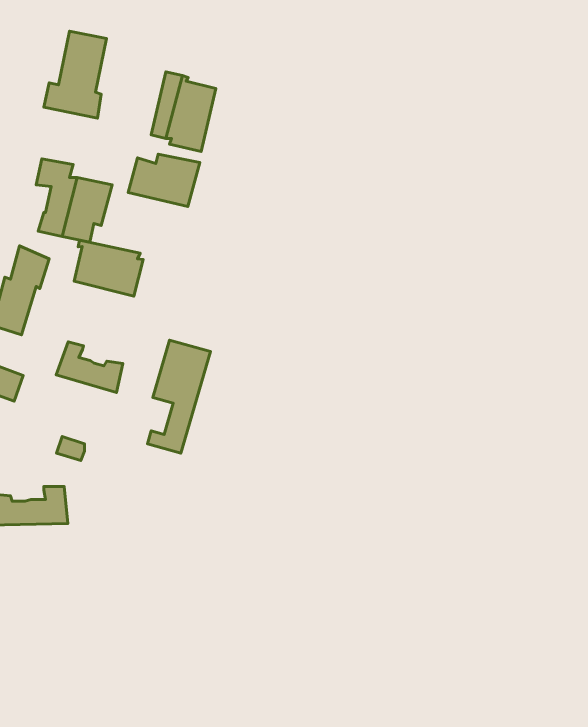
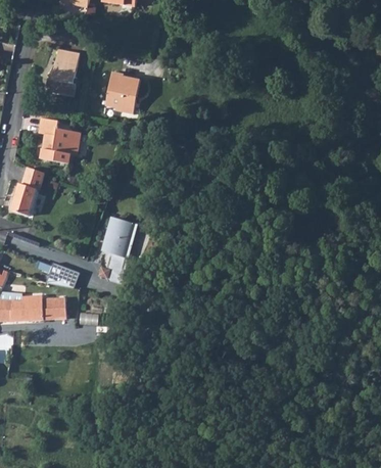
building: [128,154,200,207] -> none
building: [74,240,143,296] -> none
building: [56,342,123,393] -> none

